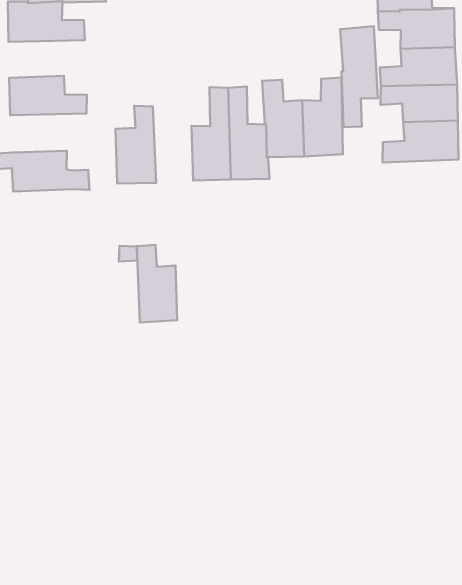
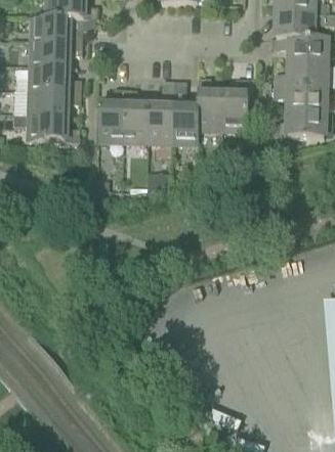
building: [340,26,378,127] -> none
building: none -> [31,41,82,65]
building: none -> [30,89,80,115]
building: [137,245,177,322] -> [123,89,149,139]

